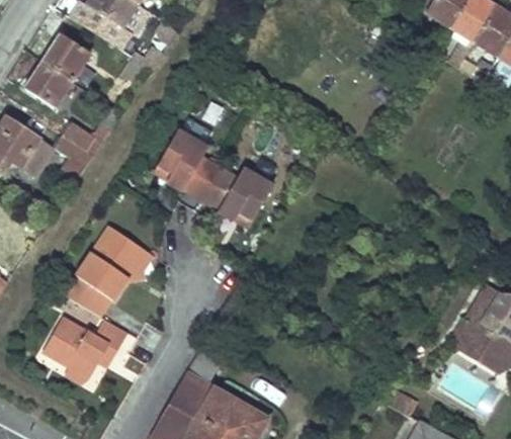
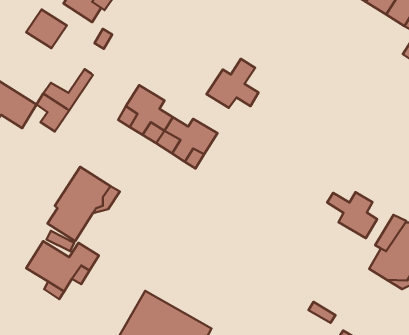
building: [25,63,73,110] -> none
building: none -> [206,59,259,108]
building: none -> [327,192,377,238]

